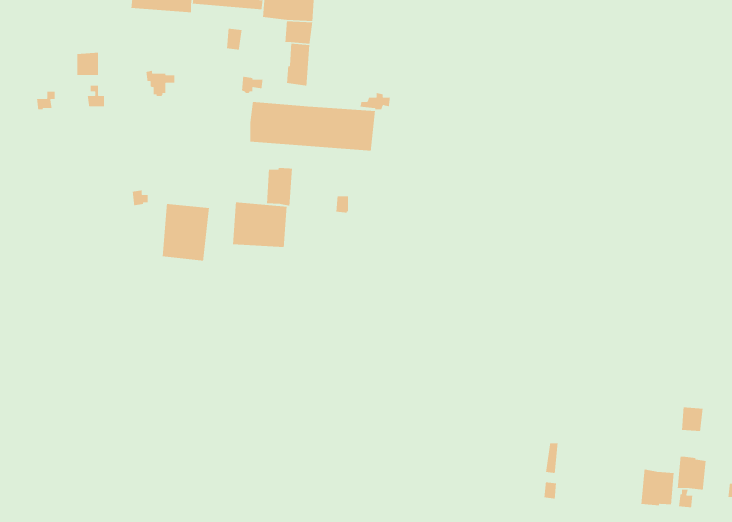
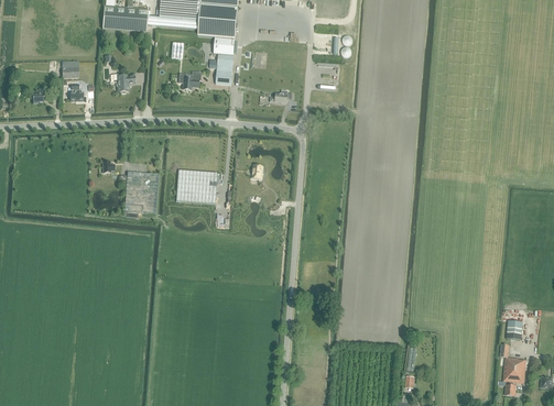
building: [250,101,376,152] -> none
building: [266,167,293,207] -> none
building: [641,469,674,506] -> none

